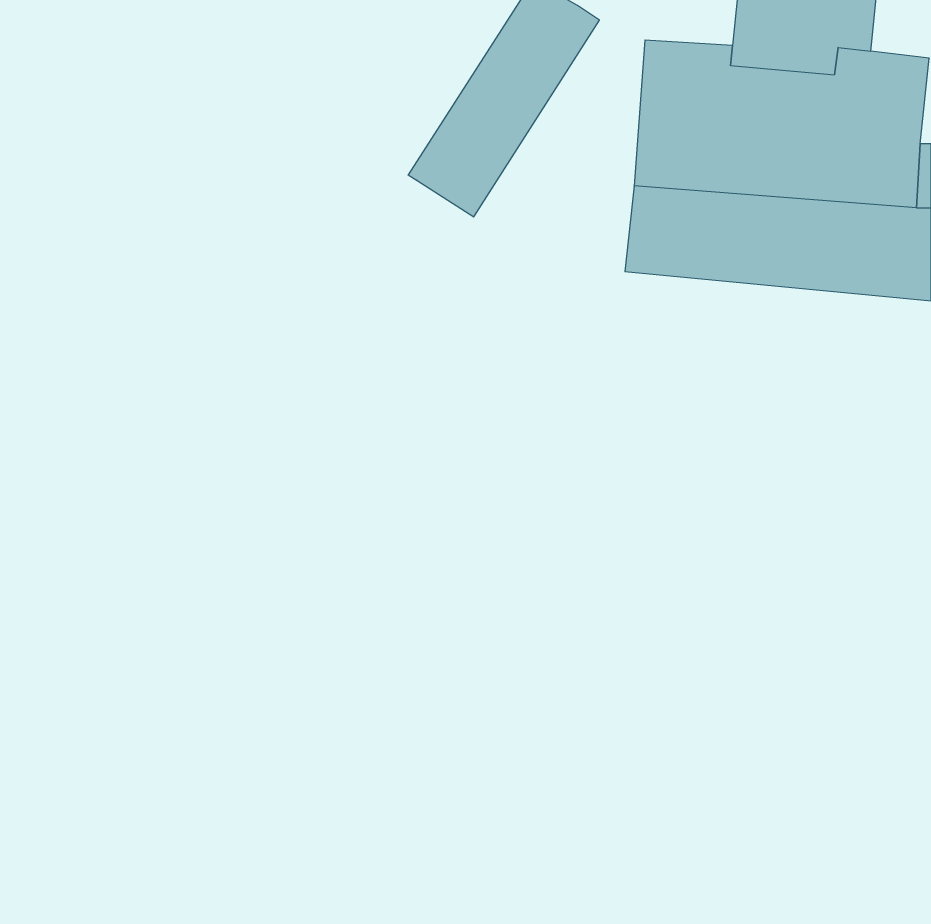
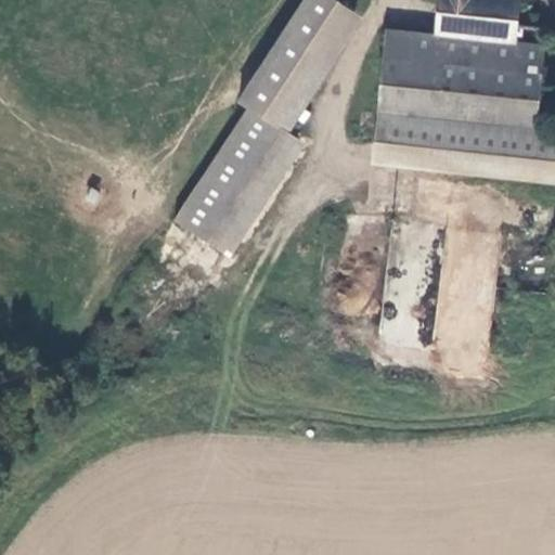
building: none -> [176,107,298,253]

